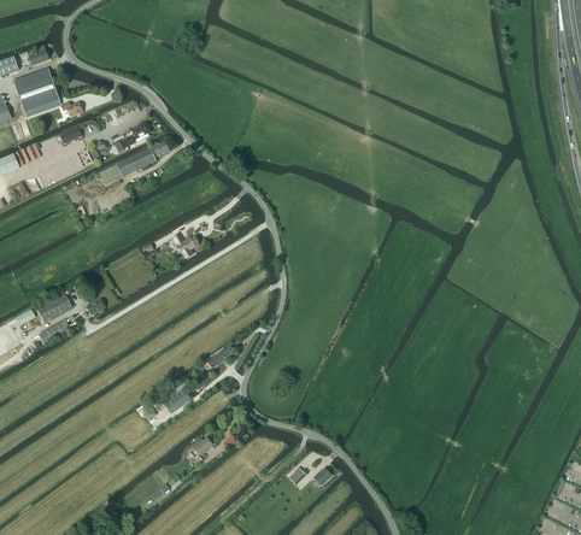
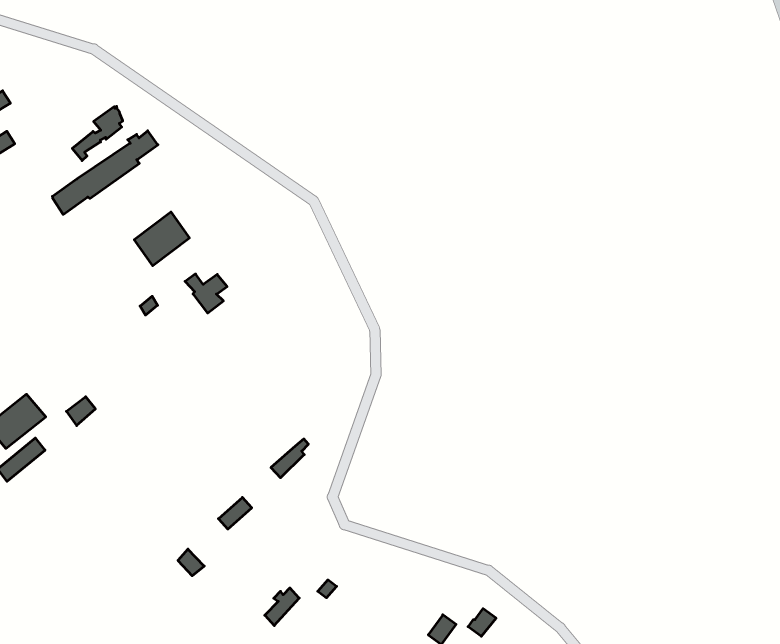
building: none -> [134,212,189,266]

